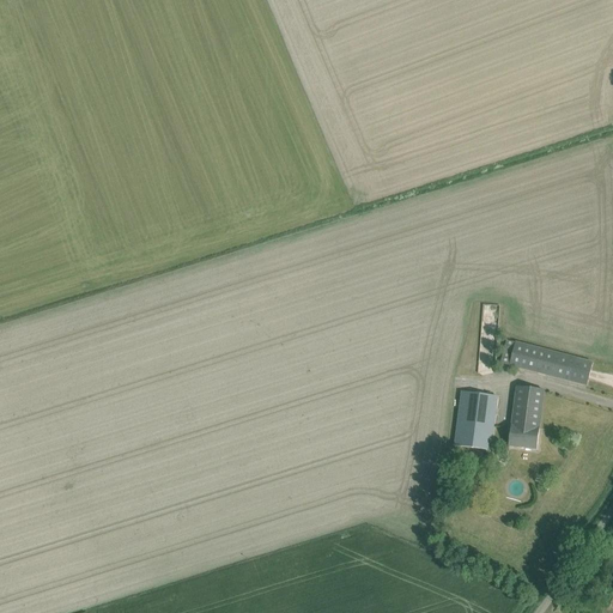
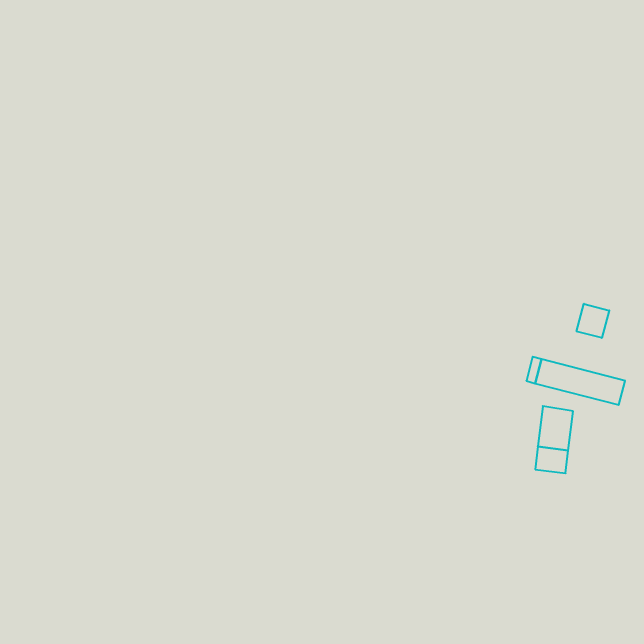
building: none -> [577,304,609,338]
building: [454,390,494,448] -> none

